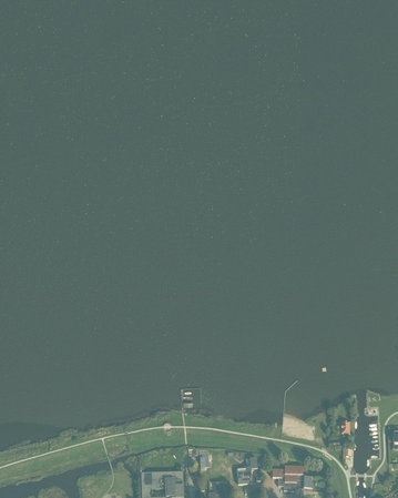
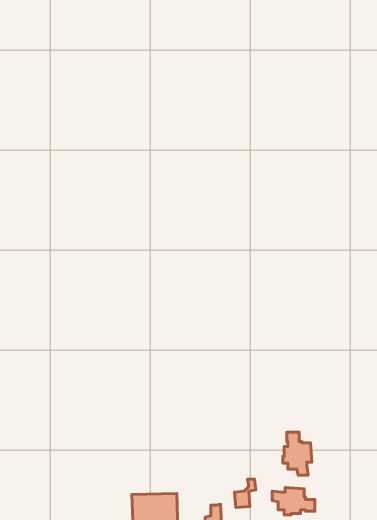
building: none -> [283,432,312,475]

